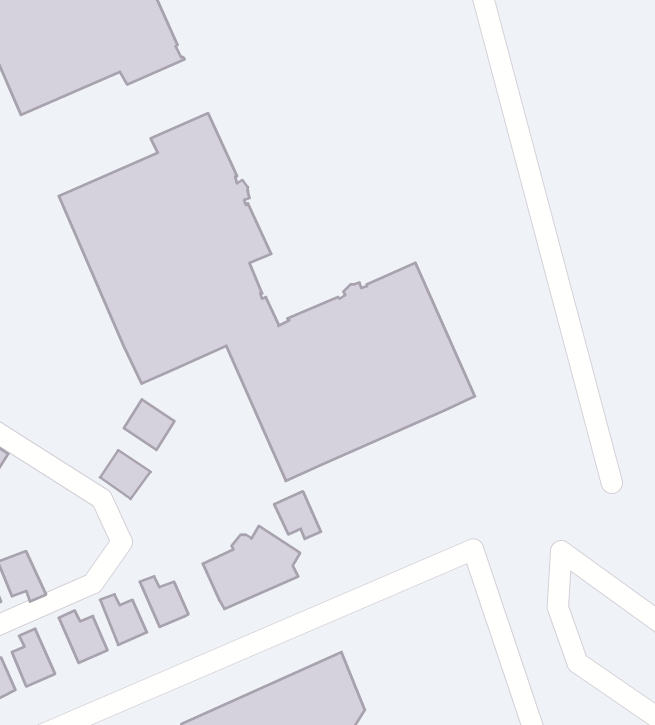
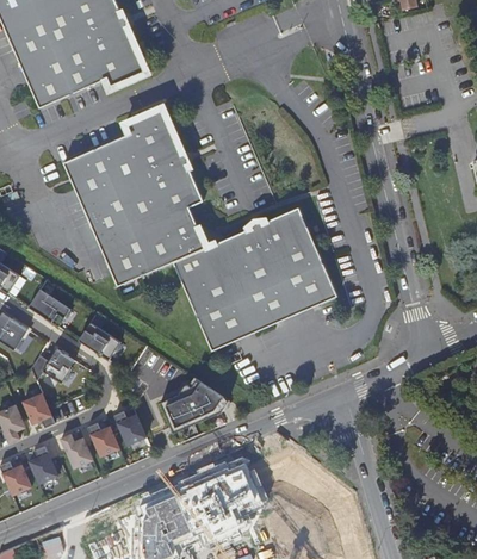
building: [124,399,174,450] -> [38,293,72,327]
building: none -> [30,348,73,383]
building: [274,491,321,539] -> none

